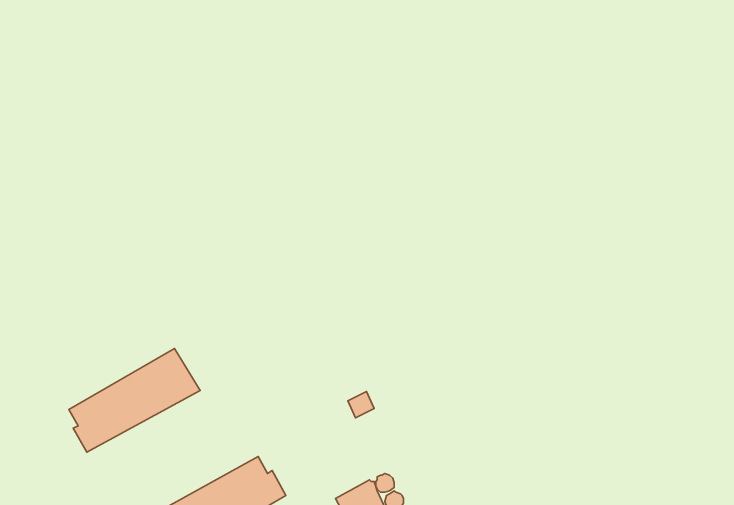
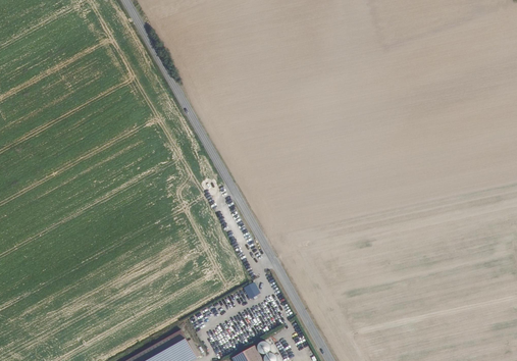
building: [69,349,200,452] -> none

